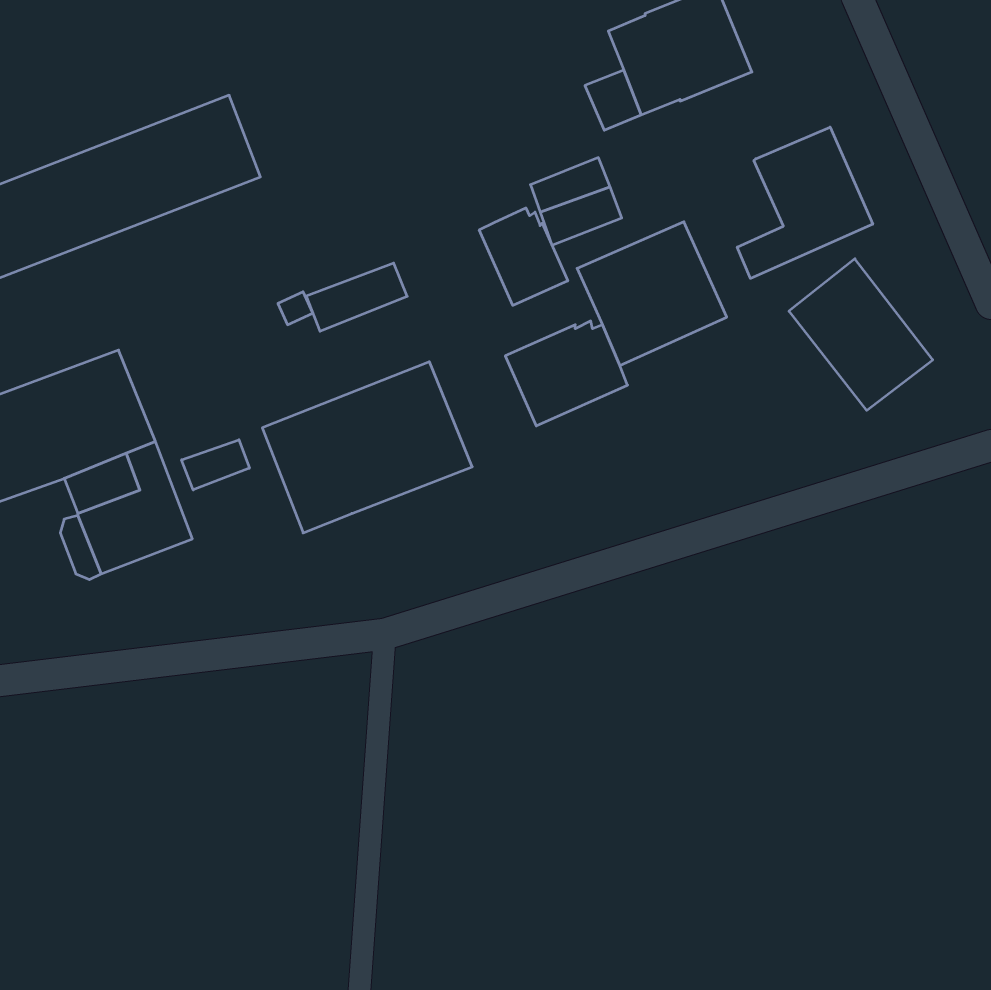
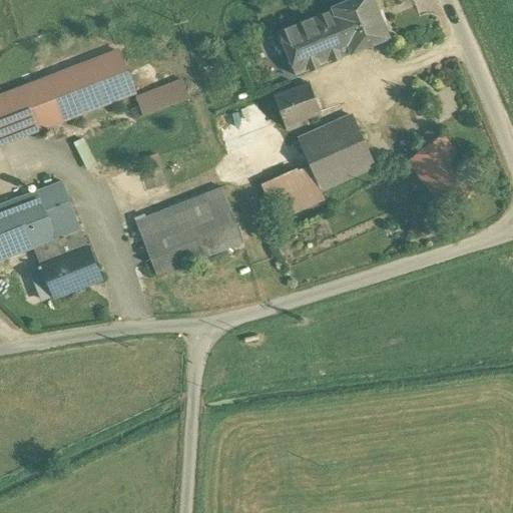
building: none -> [278,16,322,74]
building: [737,127,873,278] -> none
building: [479,208,568,305] -> none
building: [306,263,407,331] -> [136,79,188,114]
building: [182,440,249,490] -> none

